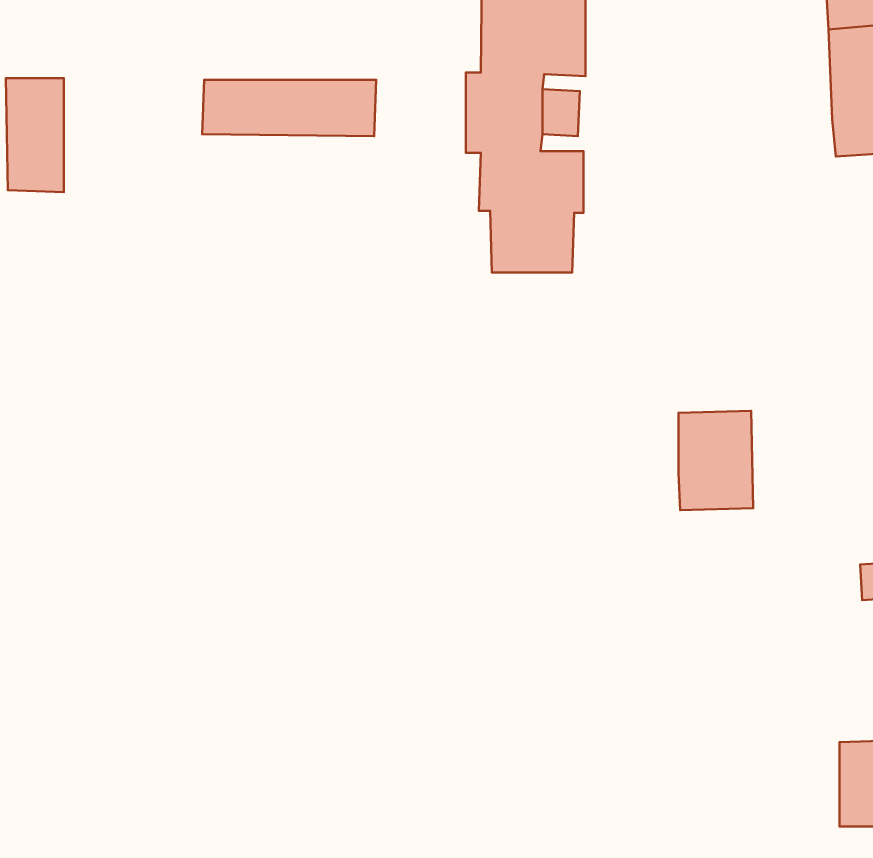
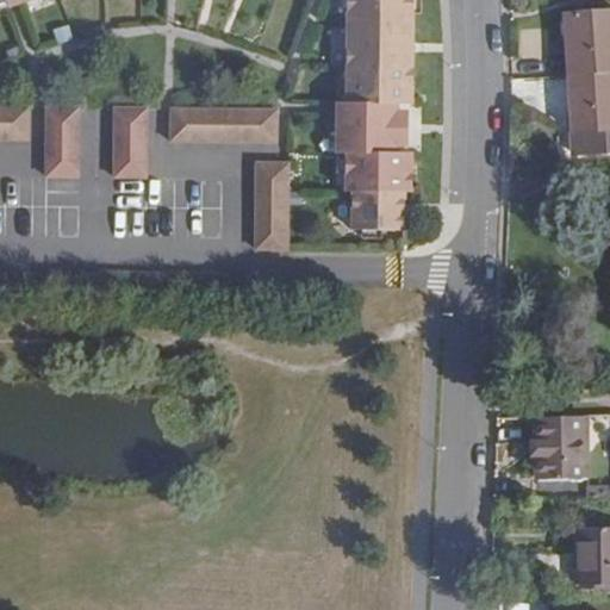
building: none -> [111,105,148,178]
building: none -> [253,160,288,249]
building: [678,411,753,510] -> [537,416,585,479]

